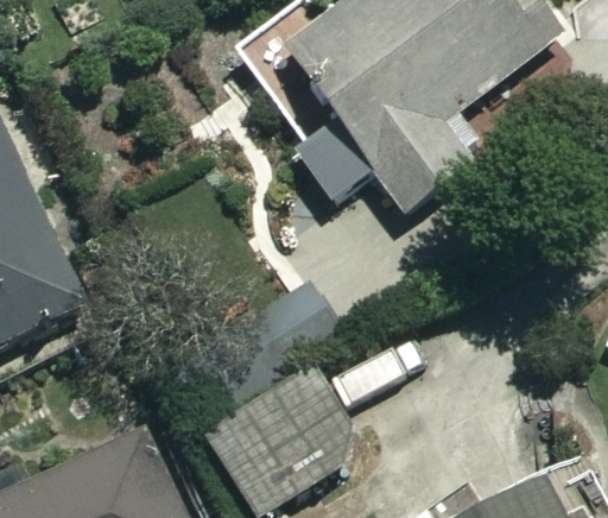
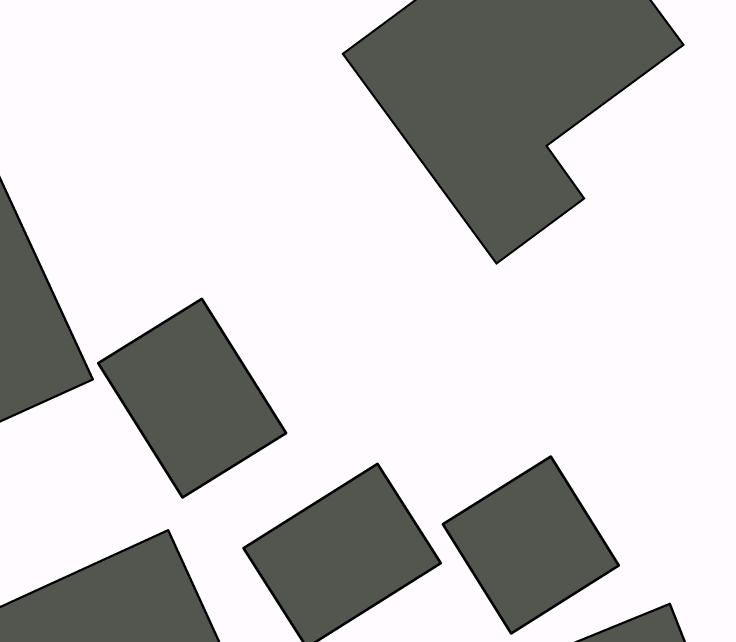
building: none -> [98,299,286,497]
building: none -> [443,457,619,633]

